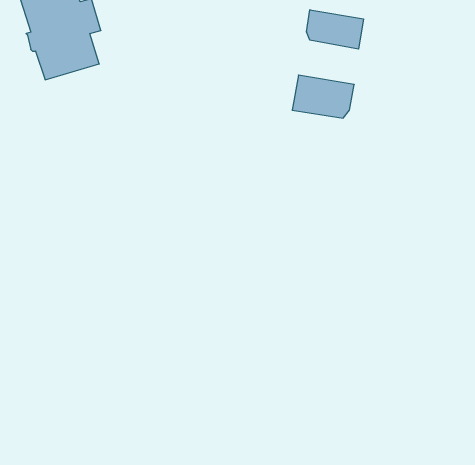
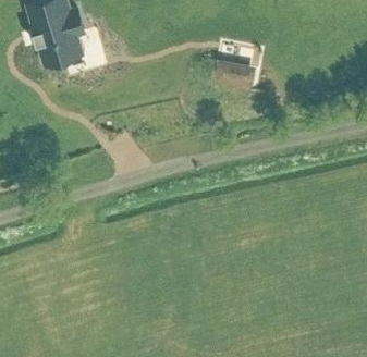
building: [307,10,363,49] -> none

